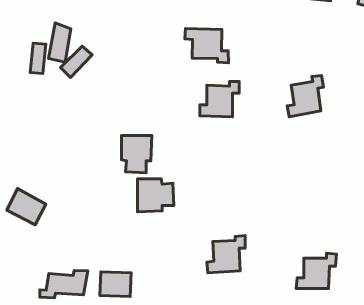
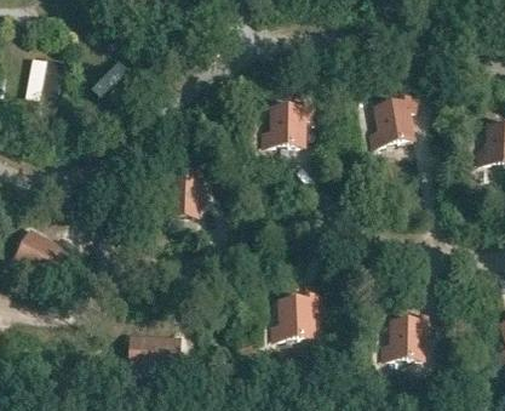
building: [48,23,71,62] -> [22,59,50,108]
building: [185,28,229,63] -> none
building: [138,179,174,212] -> none
building: [40,270,88,298] -> none

